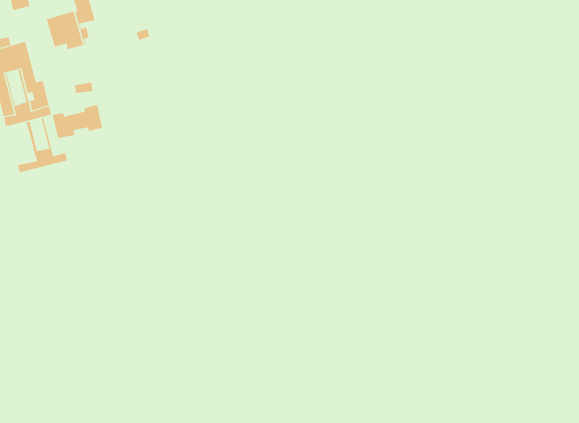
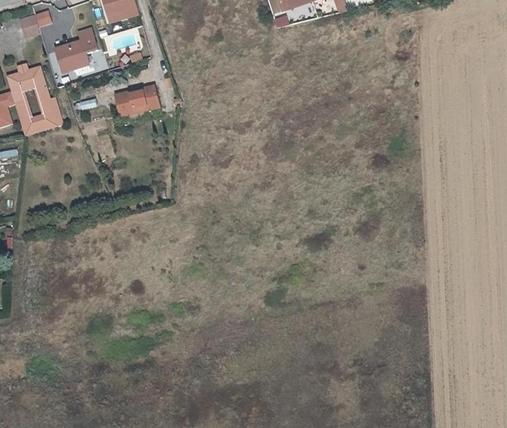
building: [52,104,103,139] -> [115,87,158,116]
building: [17,118,68,173] -> none

